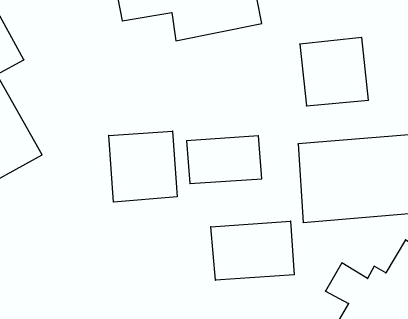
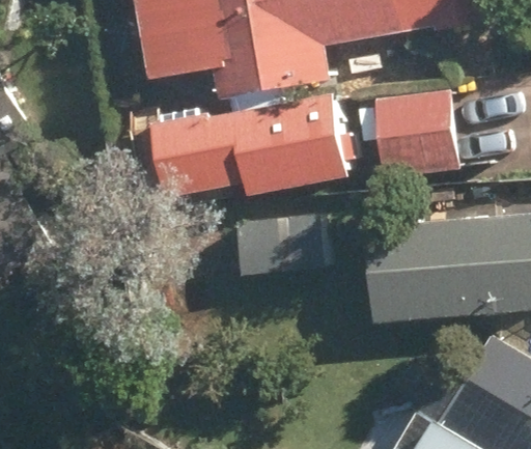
building: none -> [161,94,352,197]
building: [109,131,177,202] -> none
building: [211,221,294,280] -> none

